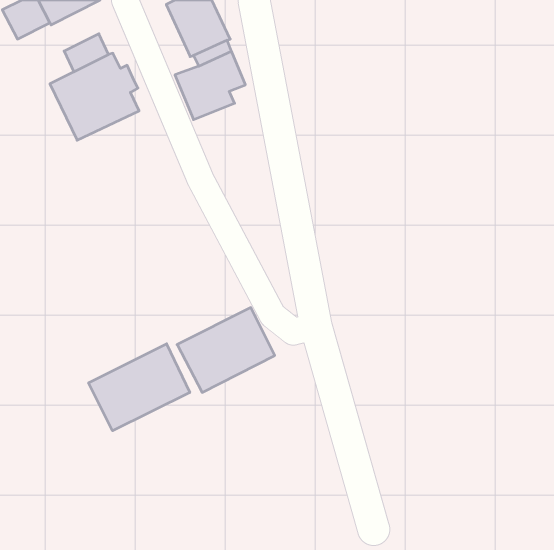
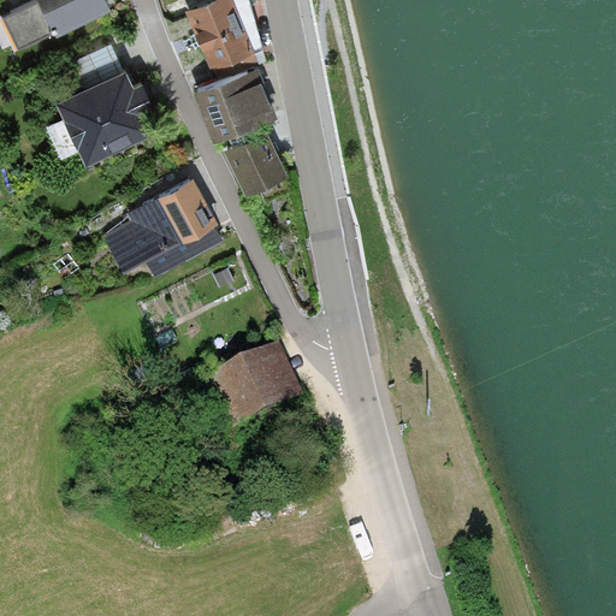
building: none -> [223,129,288,194]
building: none -> [103,176,223,279]
building: [89,344,190,431] -> none

